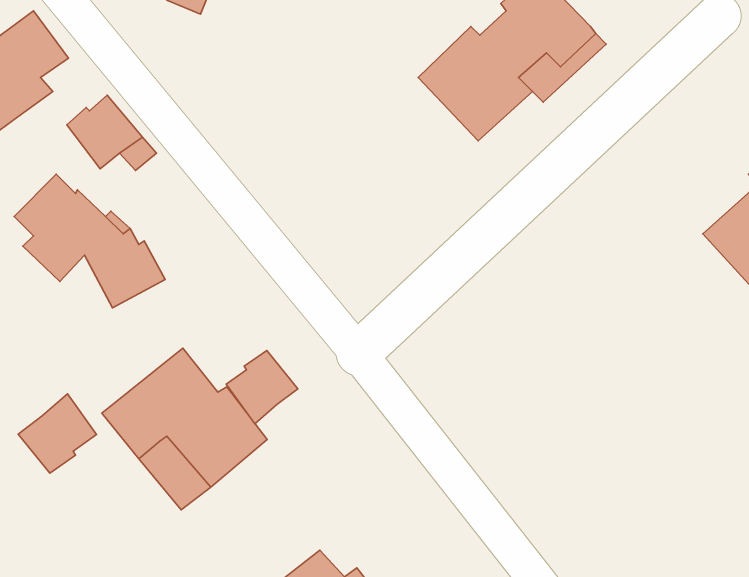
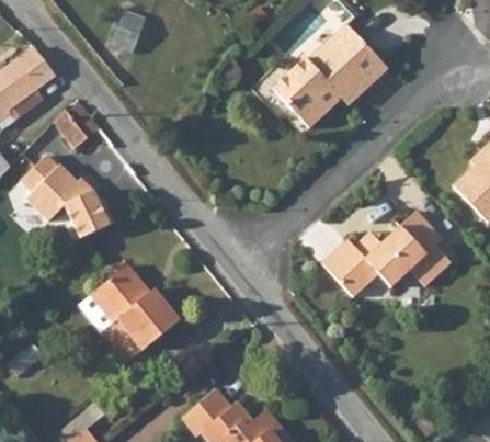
building: none -> [317,214,447,302]
building: [226,350,298,424] -> none
building: [18,394,97,473] -> none

